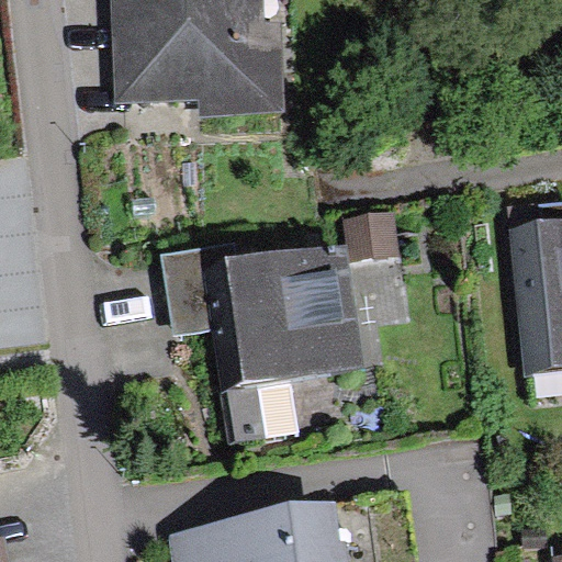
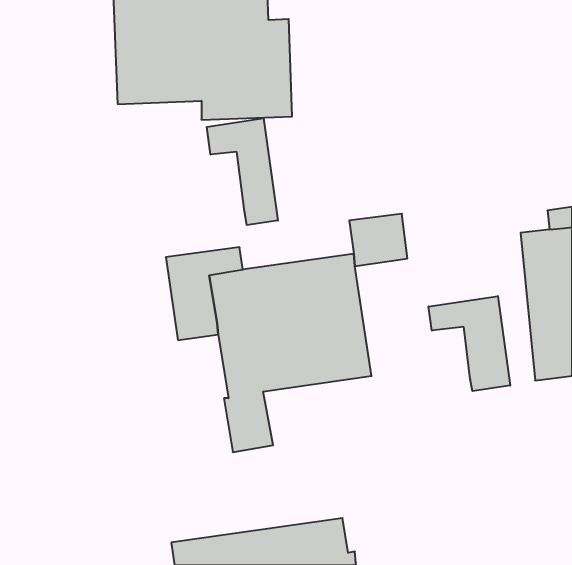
building: none -> [207,118,278,225]
building: none -> [429,296,510,391]

